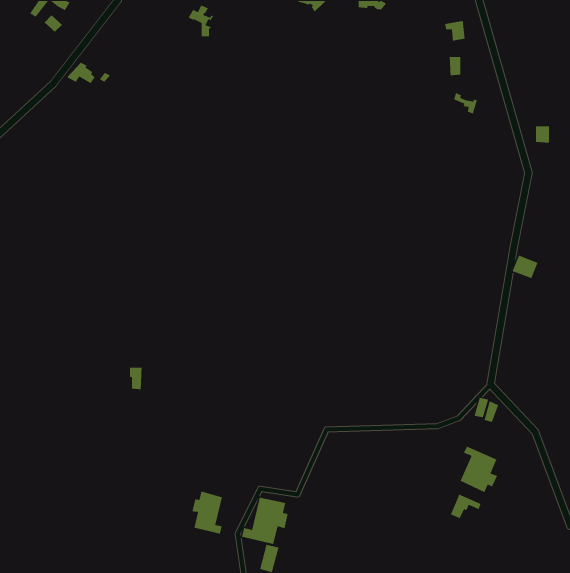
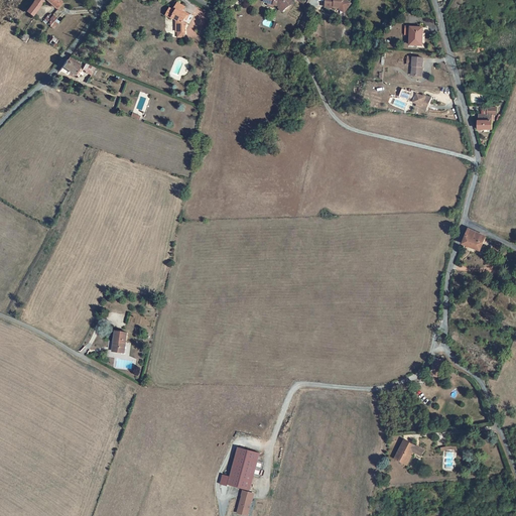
building: [459,445,498,493] -> none
building: [191,491,223,535] -> none

